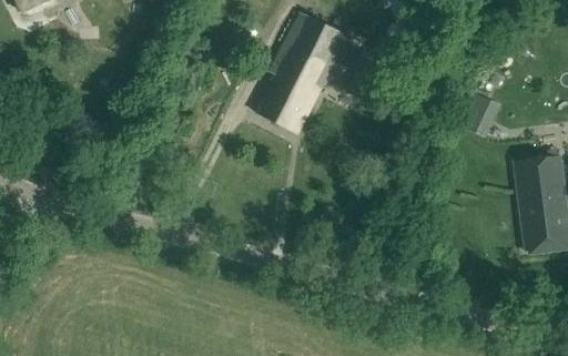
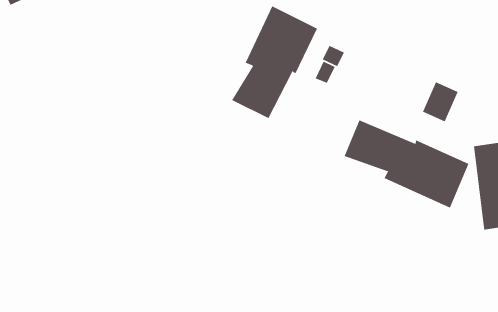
building: none -> [344,120,469,208]

